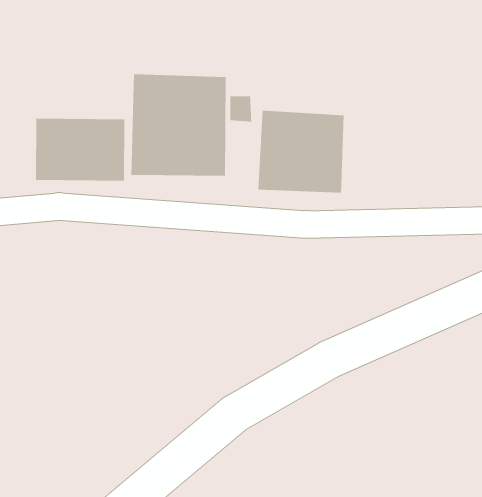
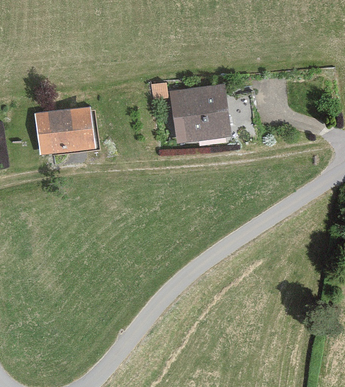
building: [131,73,226,176] -> none

